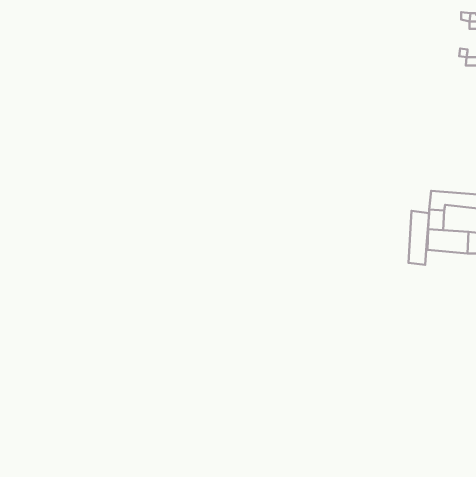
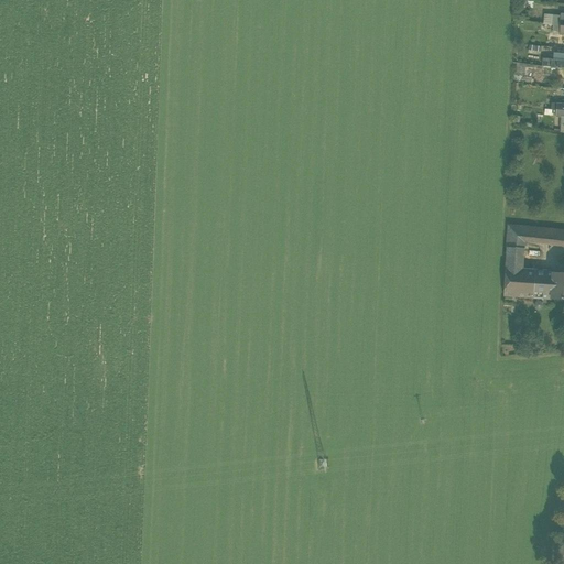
building: [408,211,429,265] -> none

